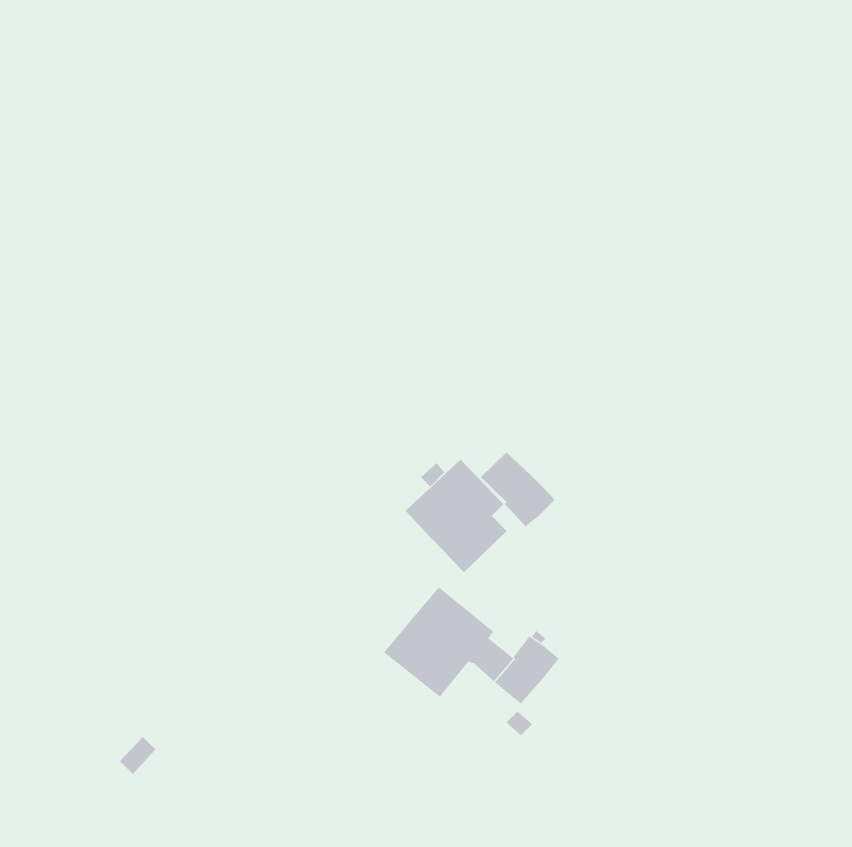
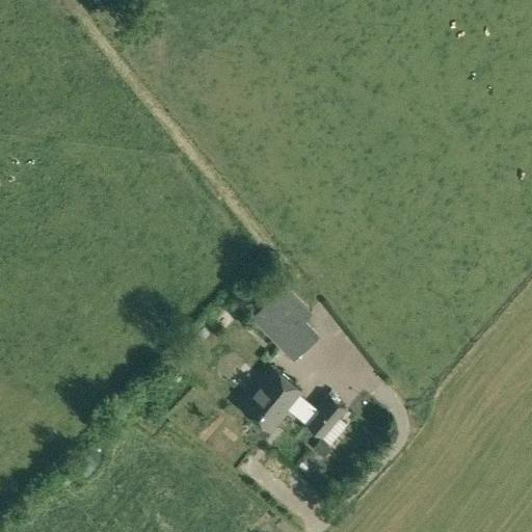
building: [480,451,556,528] -> none

